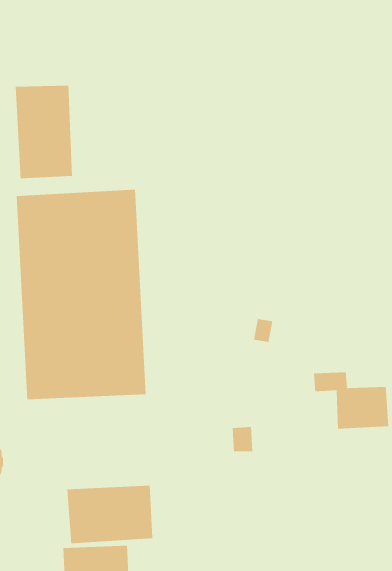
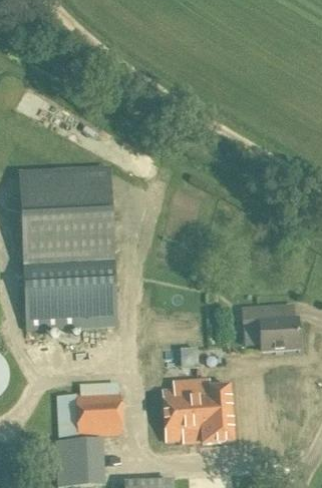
building: [15,85,72,179] -> none
building: none -> [163,384,234,442]

